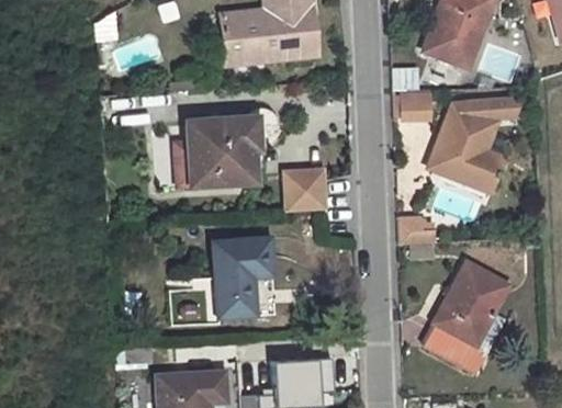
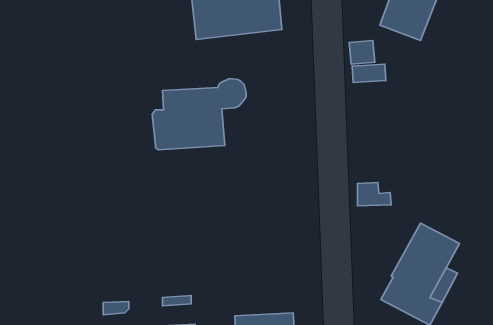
building: [428,94,518,190] -> none
building: [278,167,325,212] -> none
building: [213,238,272,318] -> none

